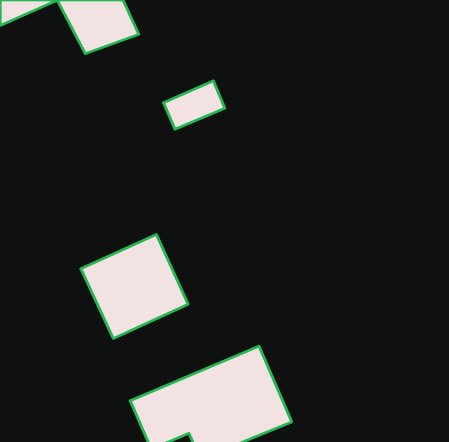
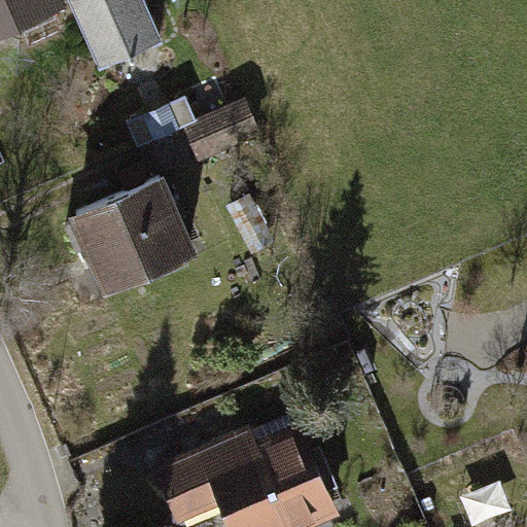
building: [81,235,188,338] -> [67,174,192,295]

